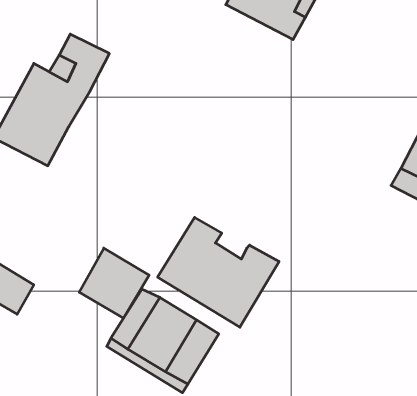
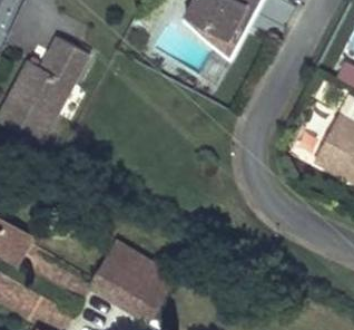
building: [158,217,279,327] -> none
building: [79,248,149,318] -> none

